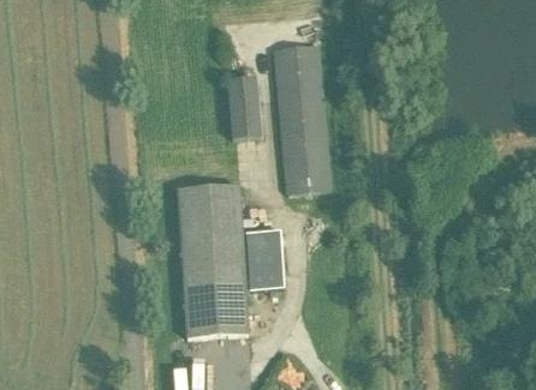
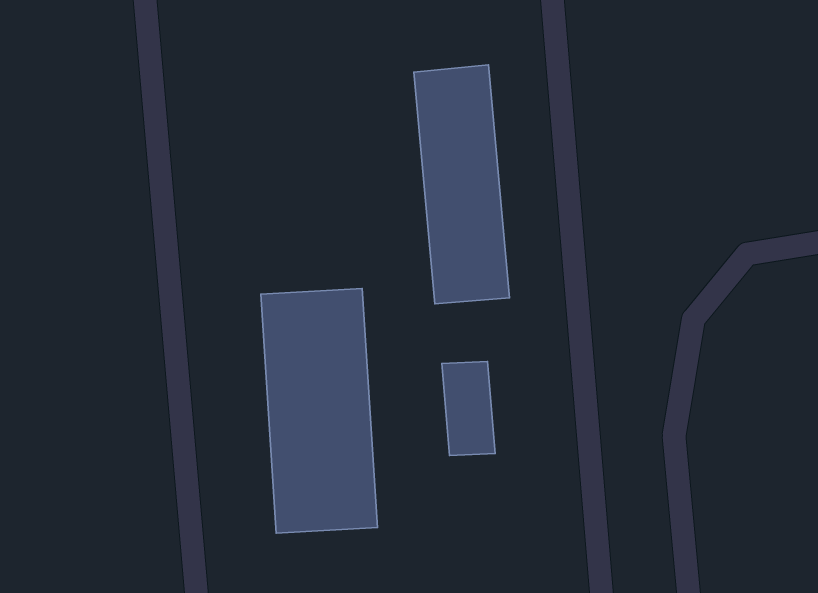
building: [227,78,263,139] -> none
building: [248,227,281,286] -> [442,362,495,455]

